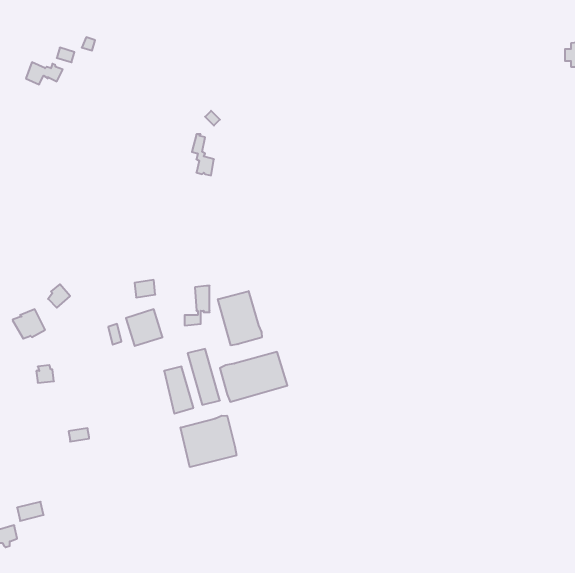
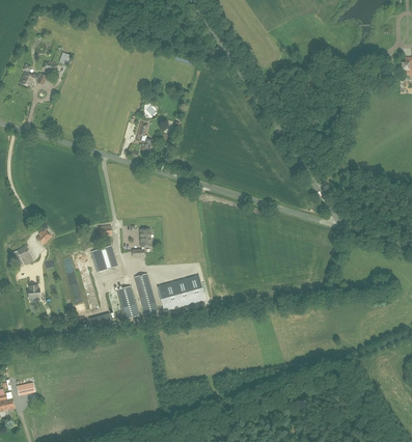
building: [218,291,262,345] -> none
building: [181,416,236,467] -> none

